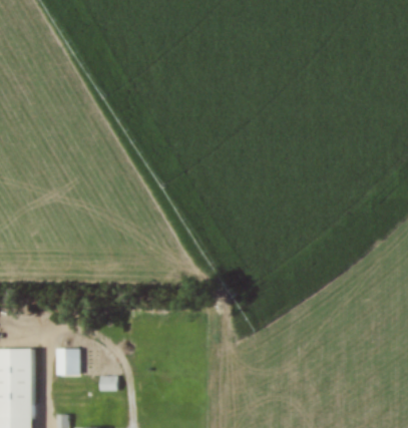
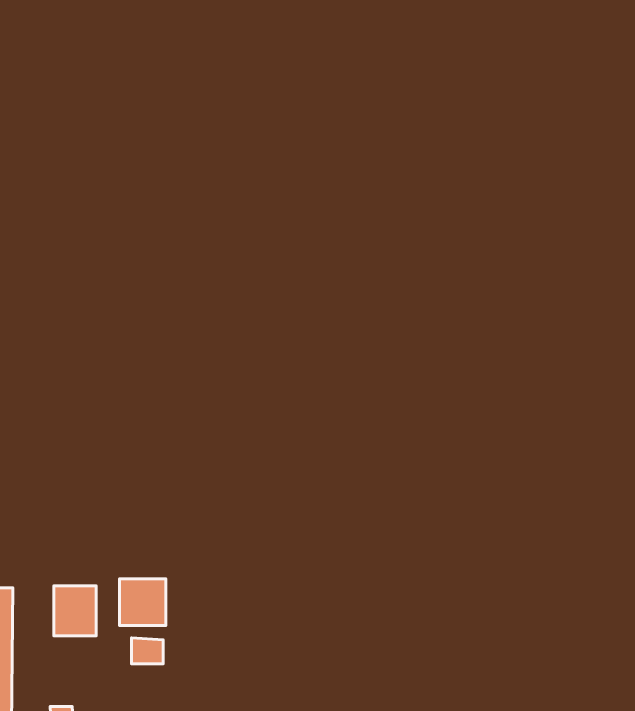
building: none -> [119,579,166,626]

